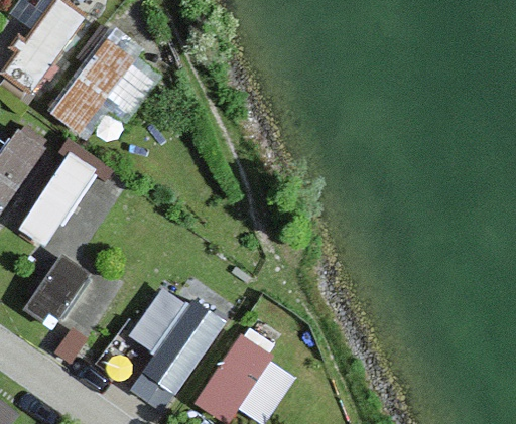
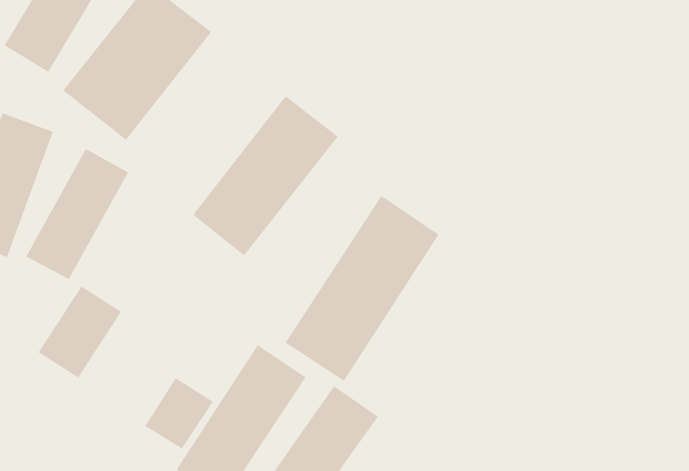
building: none -> [192,95,339,257]
building: none -> [285,195,439,382]

